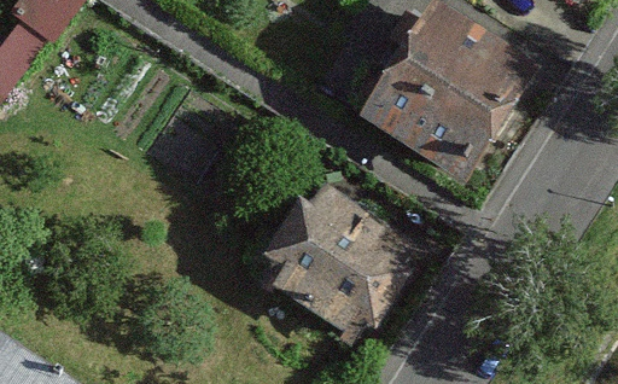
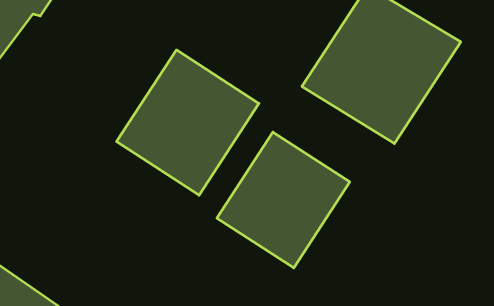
building: none -> [117,50,259,195]

